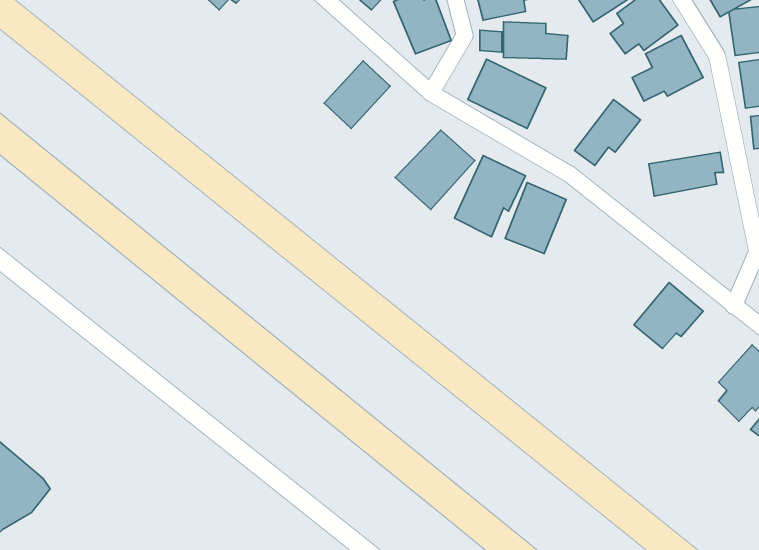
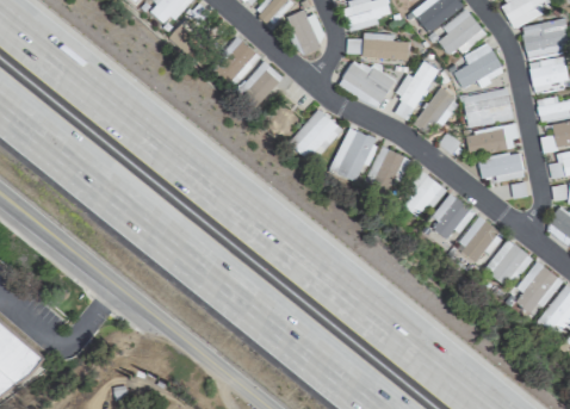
building: none -> [395,60,439,119]
building: none -> [463,87,514,128]
building: none -> [478,151,525,181]
building: none -> [399,172,447,218]
building: none -> [433,193,476,240]
building: none -> [484,238,532,287]

